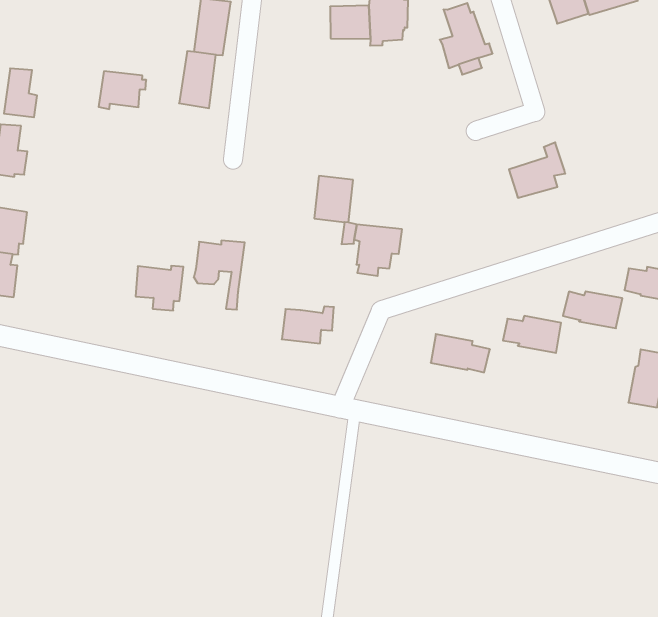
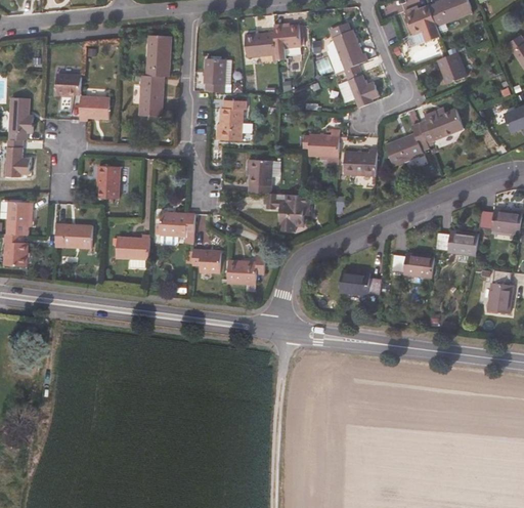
building: none -> [204,58,225,92]
building: none -> [56,74,82,94]
building: none -> [437,52,466,84]
building: none -> [342,75,379,108]
building: none -> [218,99,245,140]
building: none -> [419,108,463,141]
building: none -> [294,129,340,164]
building: none -> [97,166,120,199]
building: none -> [344,151,377,175]
building: none -> [55,223,93,248]
building: none -> [192,250,221,273]

